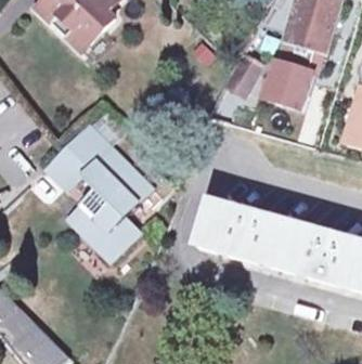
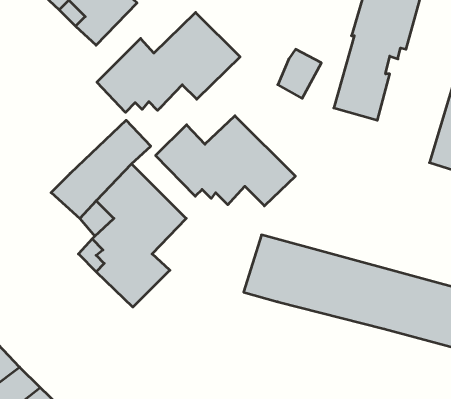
building: none -> [97,12,240,112]
building: none -> [156,116,295,206]

